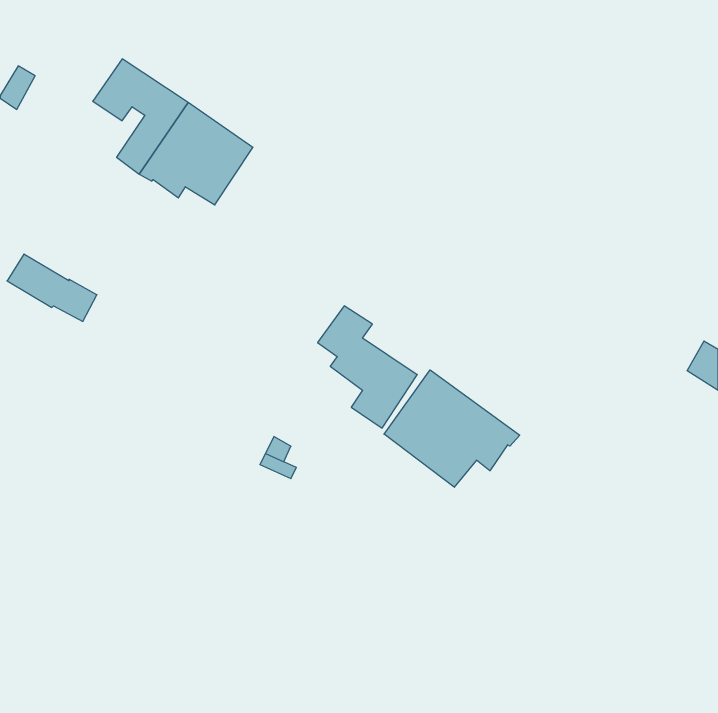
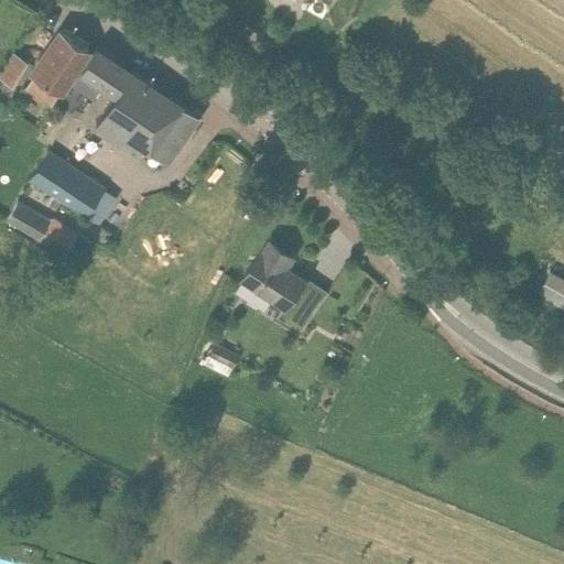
building: none -> [23,31,90,107]
building: none -> [26,151,106,221]
building: [384,370,520,487] -> none

